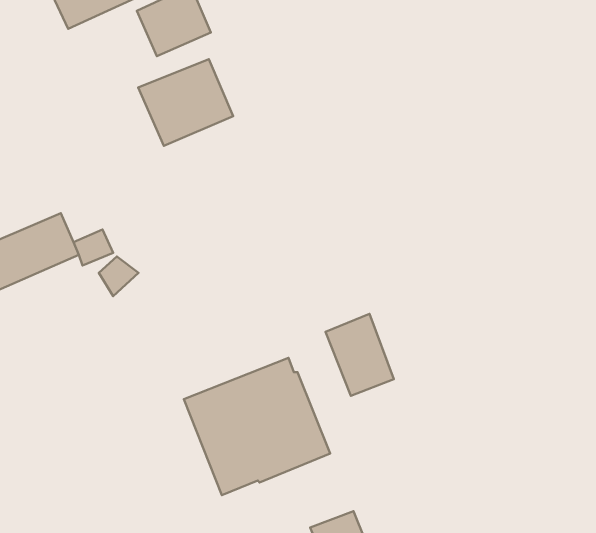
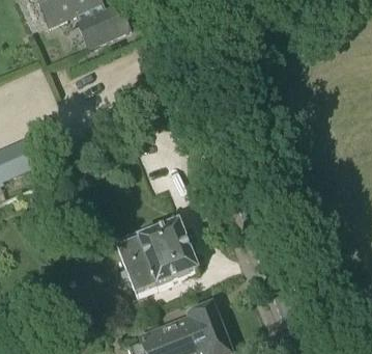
building: [138,59,233,146] -> none
building: [325,314,394,396] -> none

